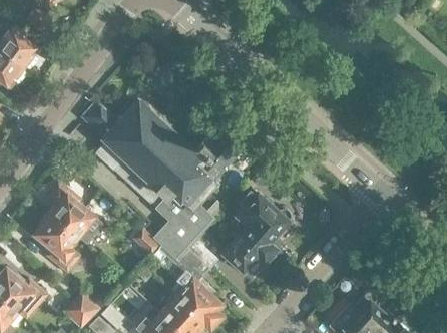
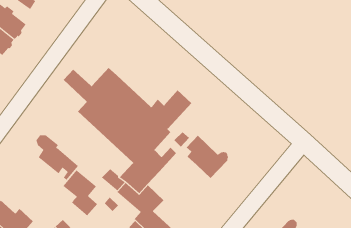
building: [35,215,79,273] -> [62,170,98,216]
building: [189,225,275,276] -> none

